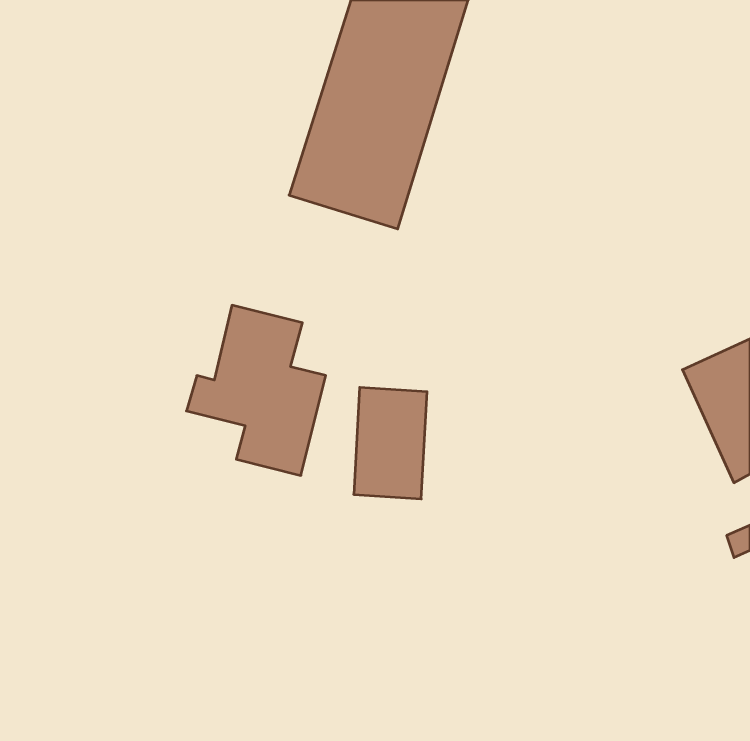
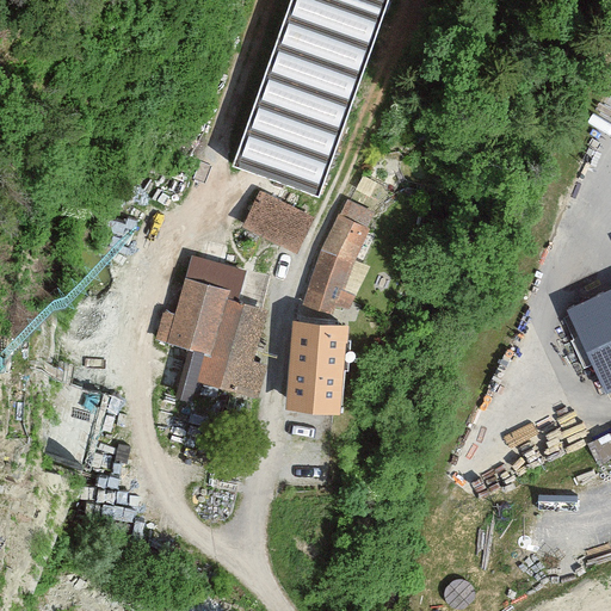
building: none -> [242,192,314,252]
building: none -> [302,200,372,316]

